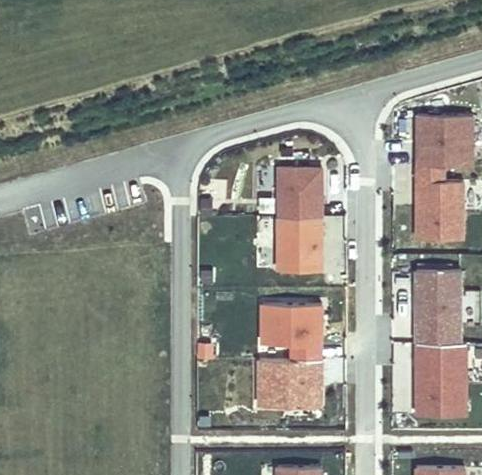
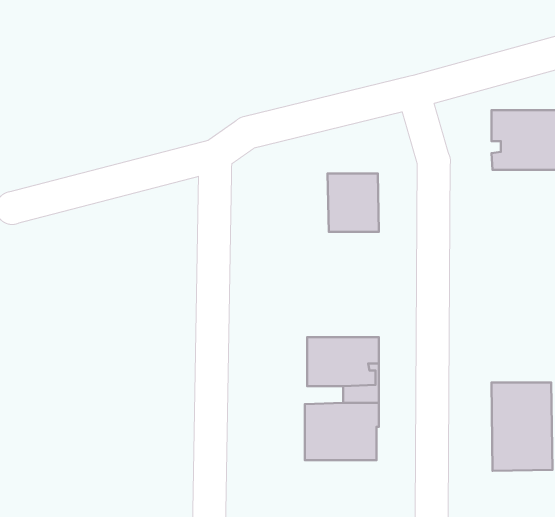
building: [416,165,462,240] -> none
building: [279,217,321,271] -> none
building: [415,270,460,343] -> none

